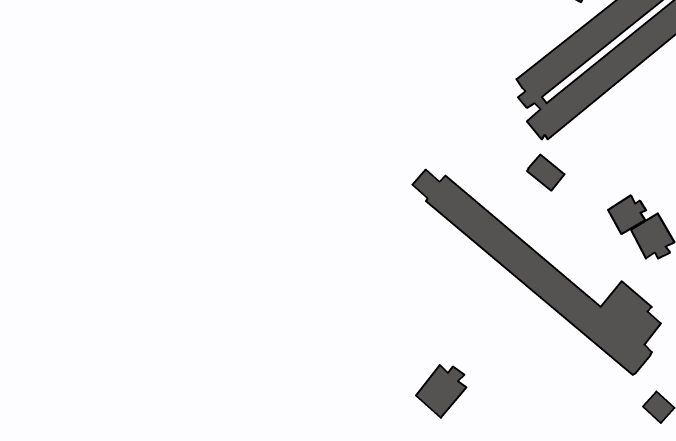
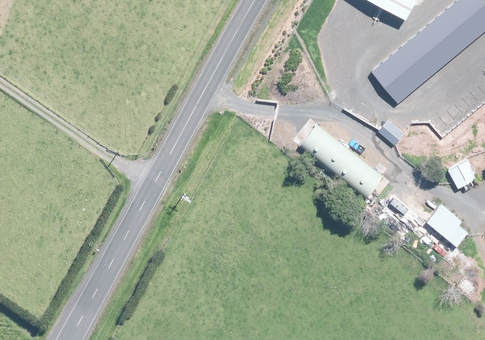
building: [608,195,646,234] -> none
building: [416,365,466,418] -> none

